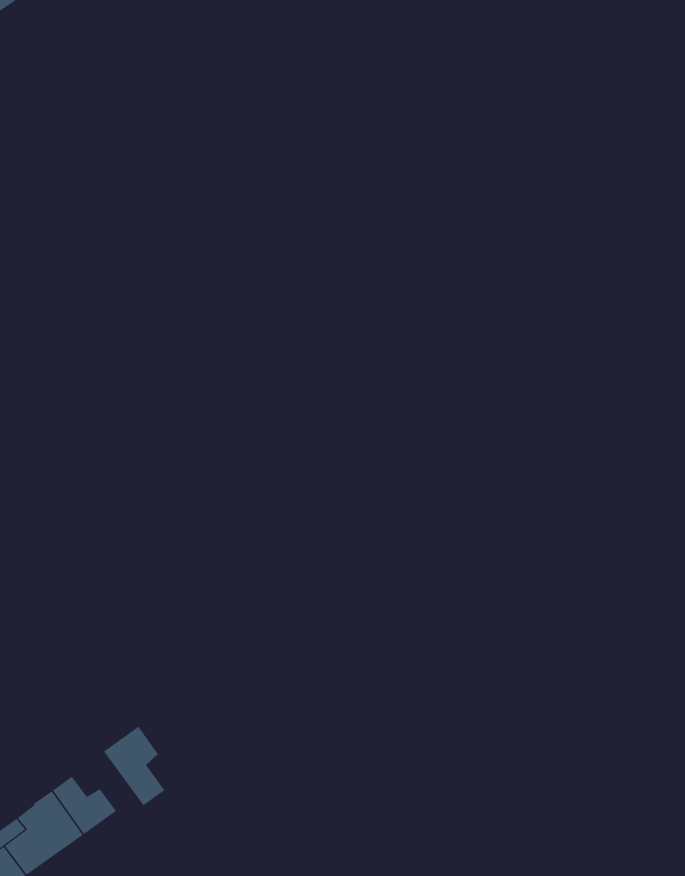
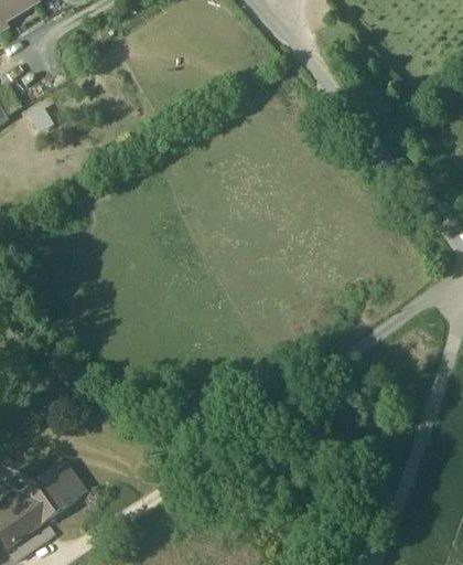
building: [103,726,165,806] -> none

